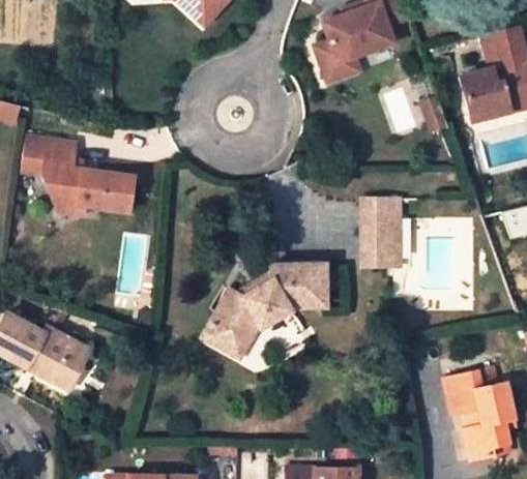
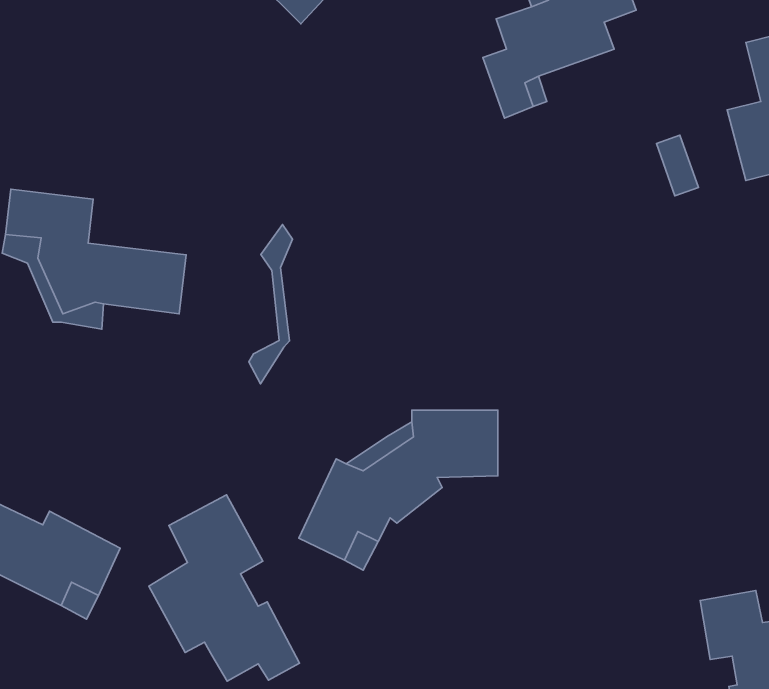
building: none -> [249,225,293,384]
building: [360,200,388,265] -> none
building: none -> [149,495,300,681]

